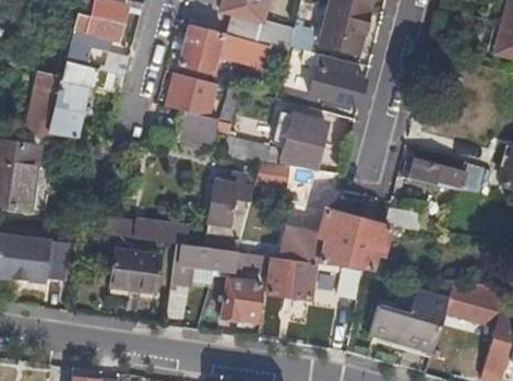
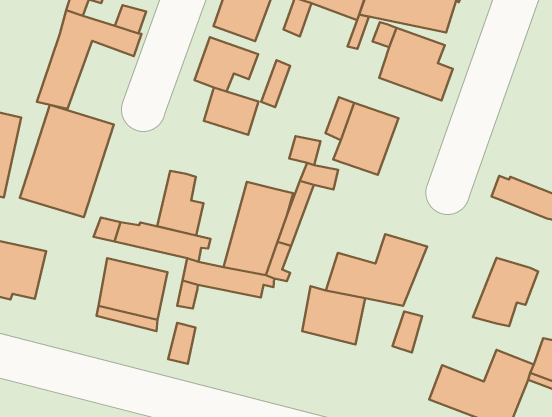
building: [31,74,63,120] -> none
building: none -> [20,105,114,217]
building: none -> [157,171,204,235]
building: [344,217,391,269] -> [473,258,538,326]
building: [220,277,261,320] -> none

